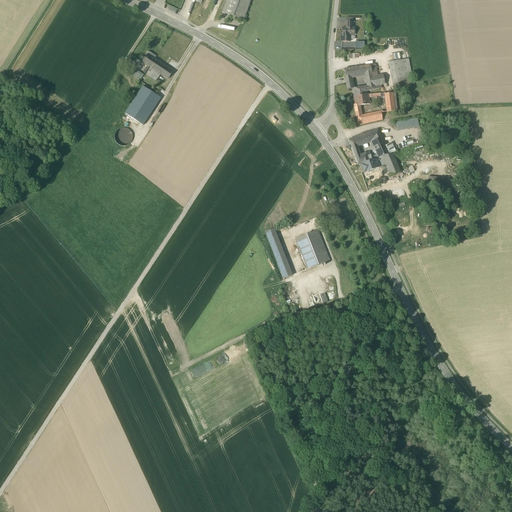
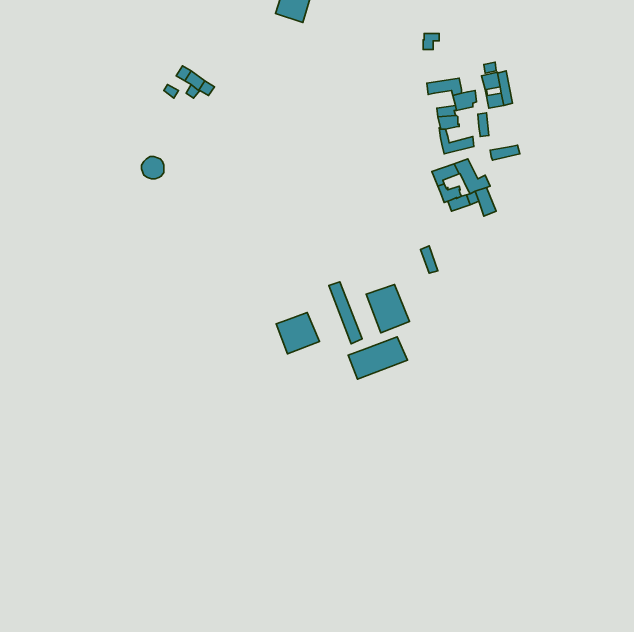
building: [125,85,160,124] -> none
building: none -> [276,312,319,354]
building: none -> [348,337,408,379]

